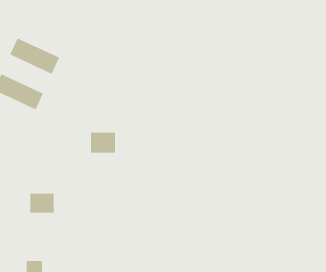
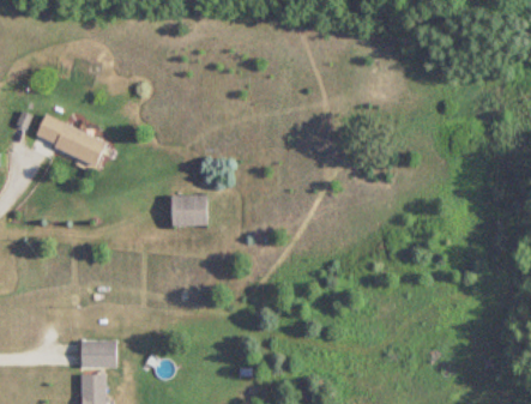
building: [9,38,60,75] -> none
building: [29,193,54,213] -> [82,340,116,369]

